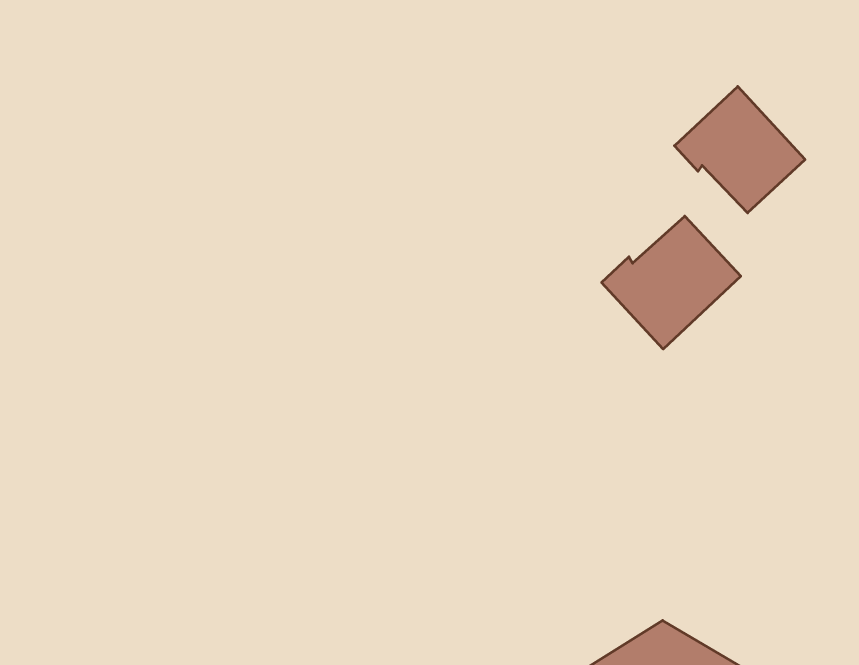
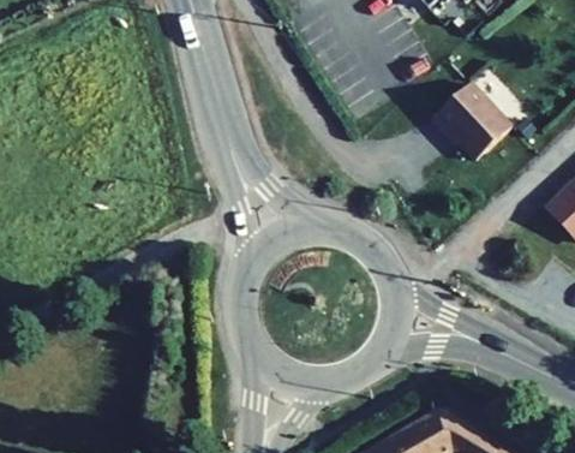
building: [602,216,741,349] -> none

